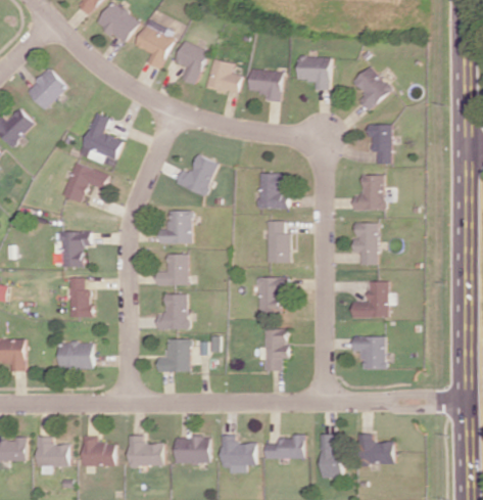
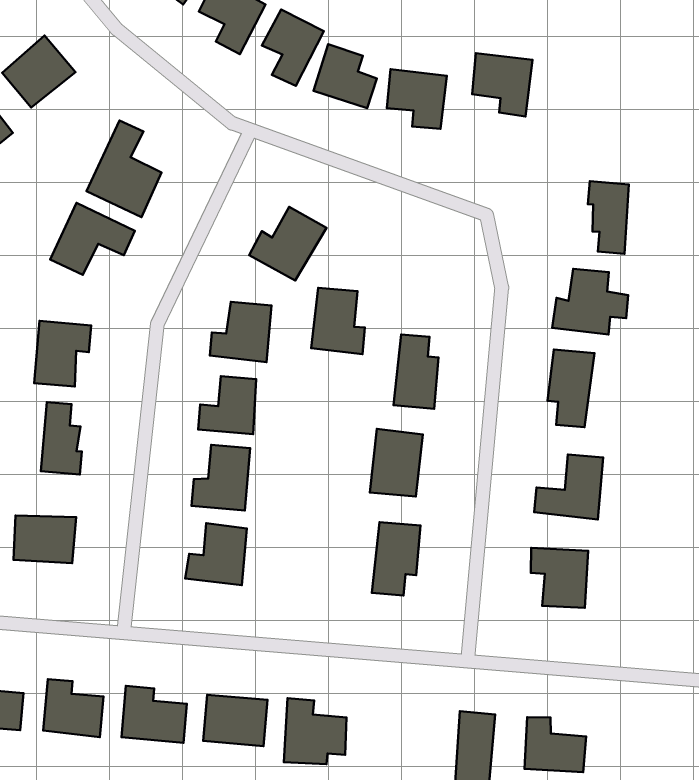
building: [351,65,391,110] -> none
building: [258,173,288,209] -> [311,288,365,354]
building: [264,436,304,458] -> none

